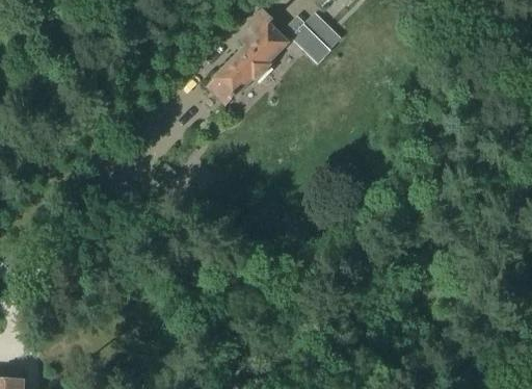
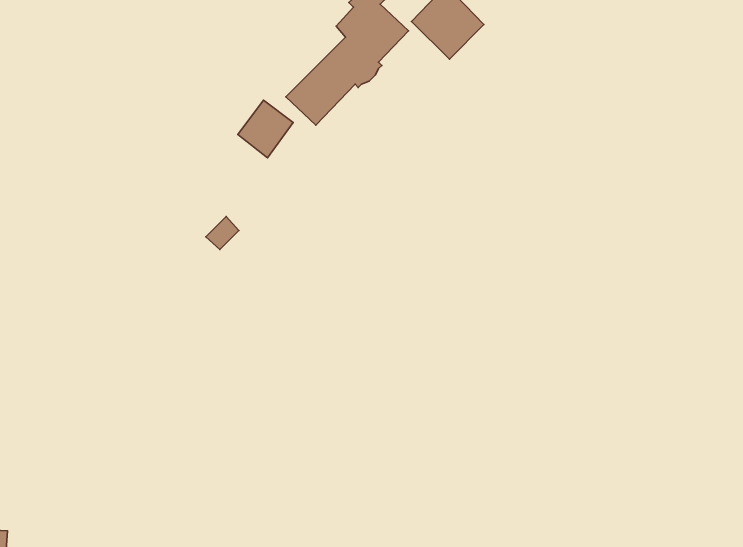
building: none -> [238,100,293,158]

